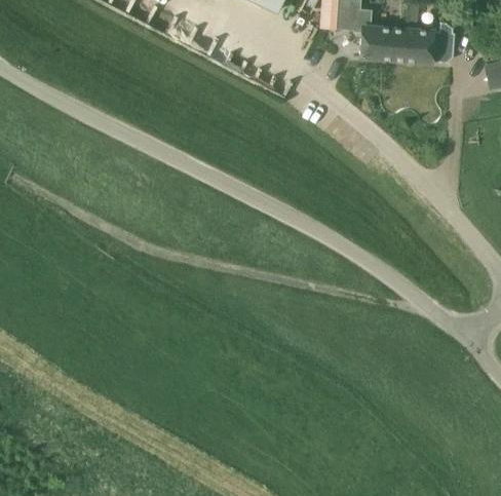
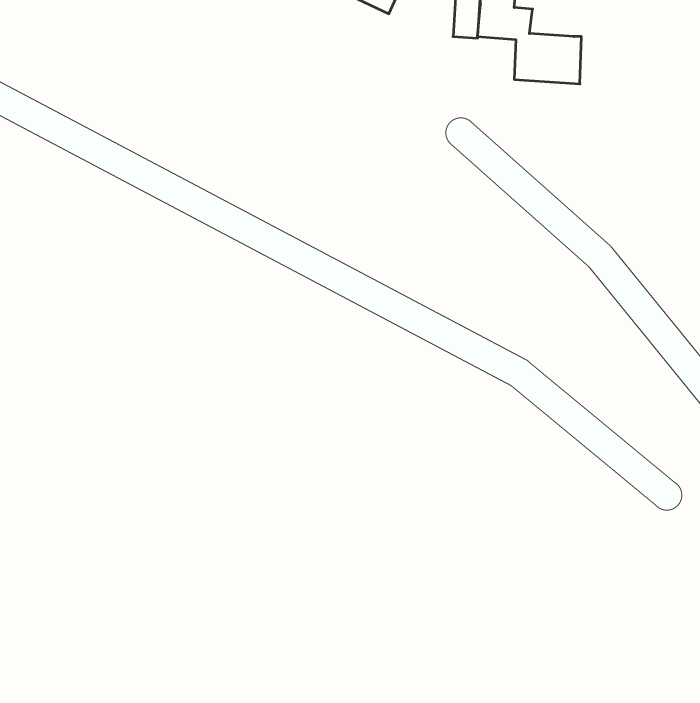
building: [404,22,454,62] -> none

